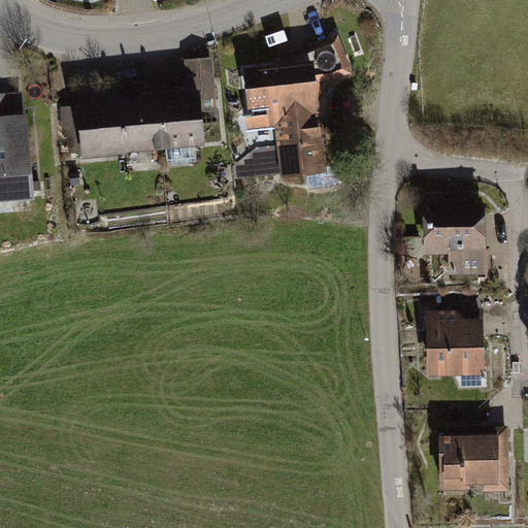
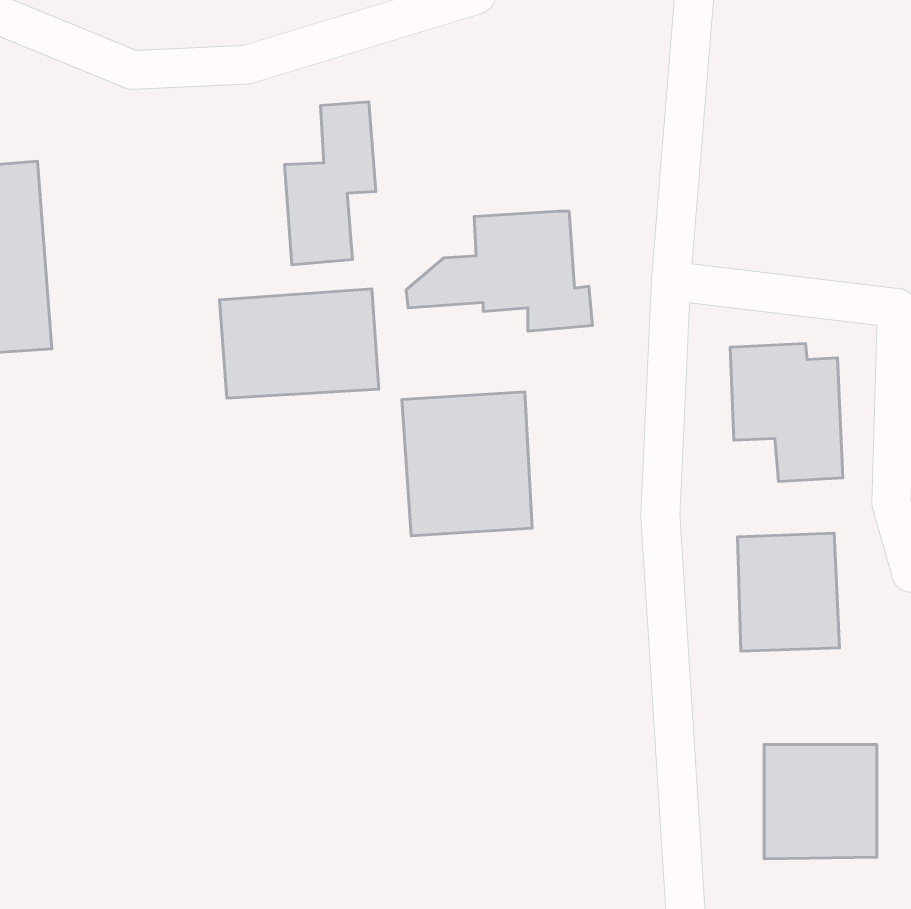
building: [242,36,352,127] -> none
building: [76,95,168,158] -> [220,289,379,398]
building: none -> [402,392,532,536]

